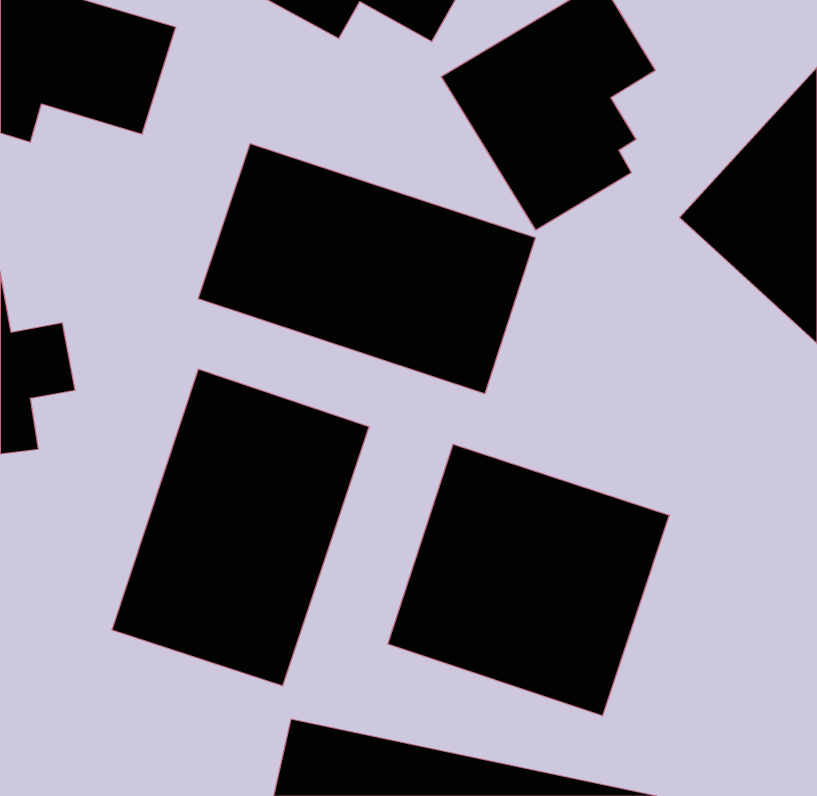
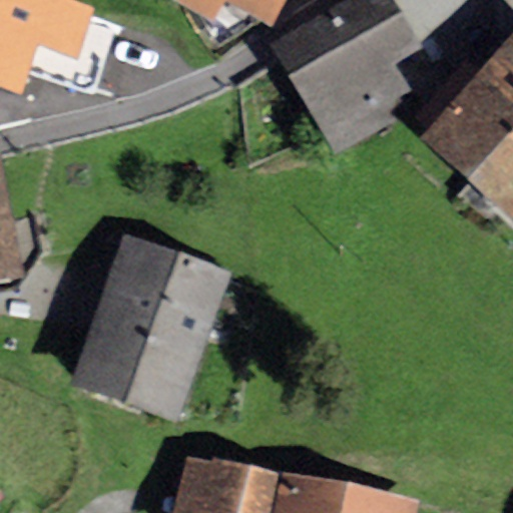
building: [198,144,535,394] -> none
building: [388,444,669,716] -> none

